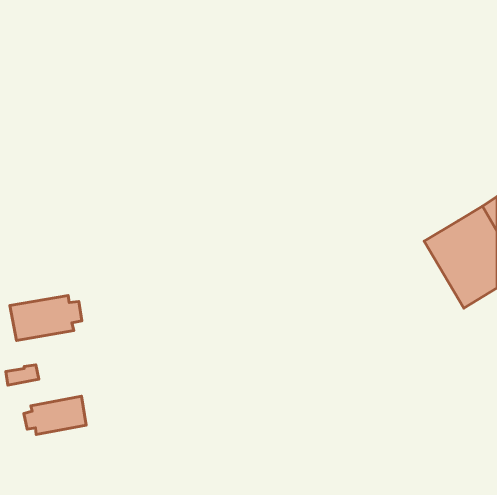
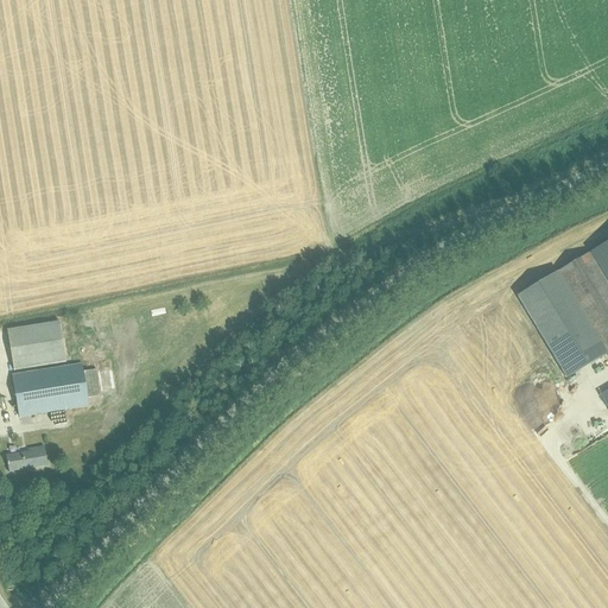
building: none -> [7,319,65,368]
building: [24,396,86,434] -> none

